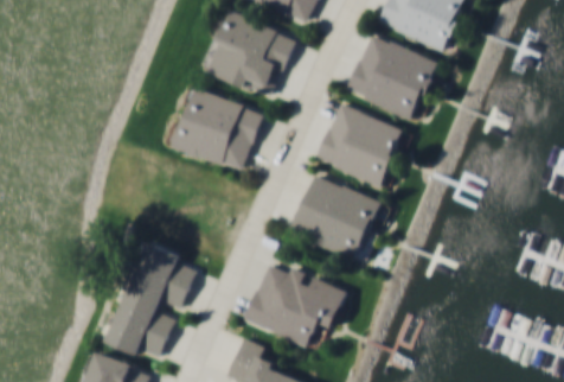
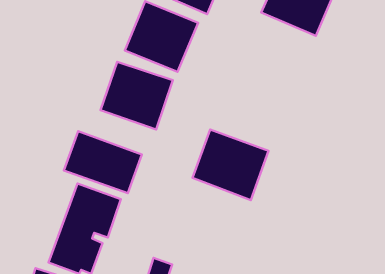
building: [345,32,440,121] -> none
building: [315,102,404,187] -> none
building: none -> [64,131,142,193]
building: [242,260,347,348] -> none

